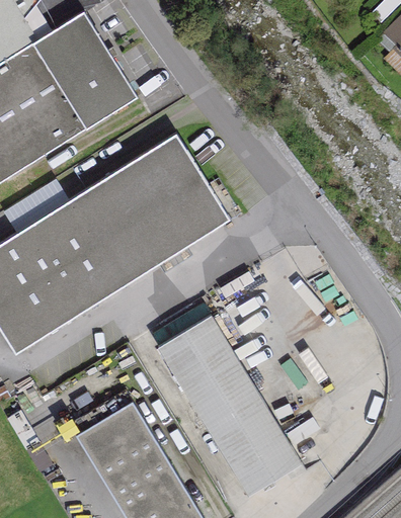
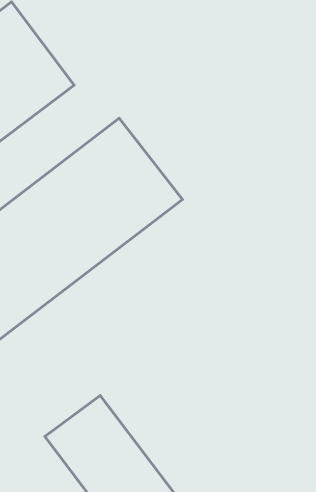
building: [157,313,303,496] -> none

